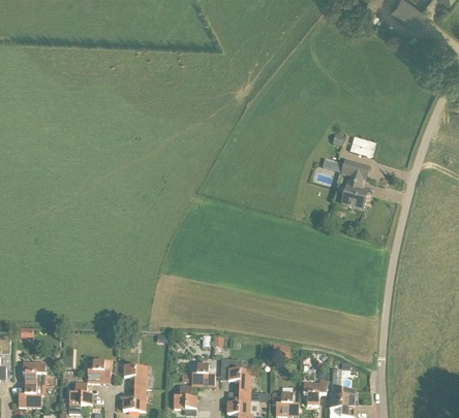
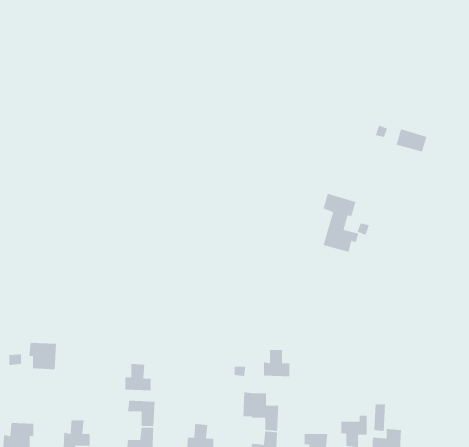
building: [340,159,371,210] -> [322,193,359,253]
building: [87,359,110,383] -> [125,363,151,391]
building: [22,361,45,385] -> [29,342,57,370]
building: [191,363,214,387] -> [263,349,290,377]

